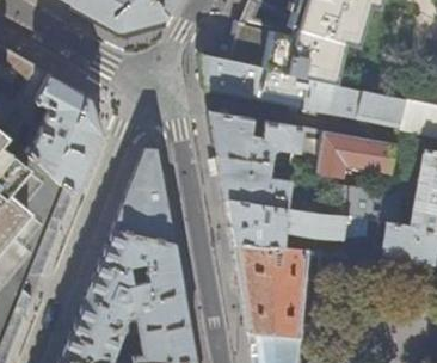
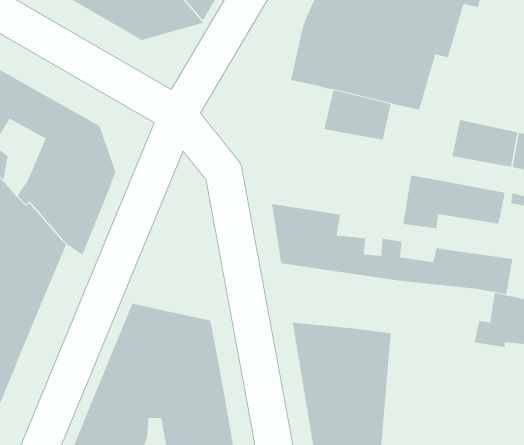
building: [202,54,264,99] -> none
building: [304,80,362,119] -> none
building: [211,112,325,171] -> none
building: [115,149,174,244] -> none
building: [227,201,373,250] -> none

